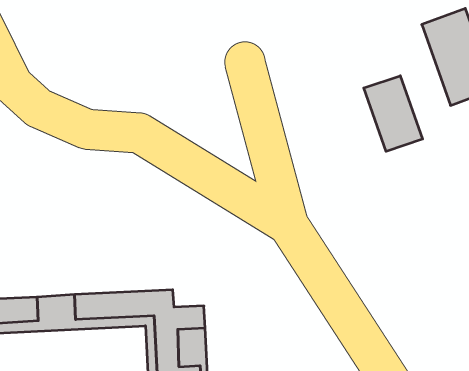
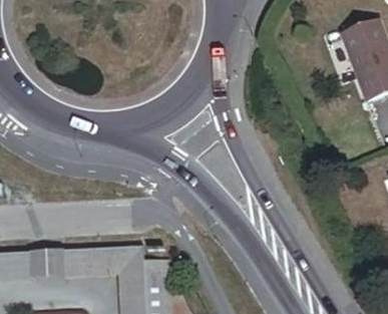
building: [364,76,423,151] -> none

